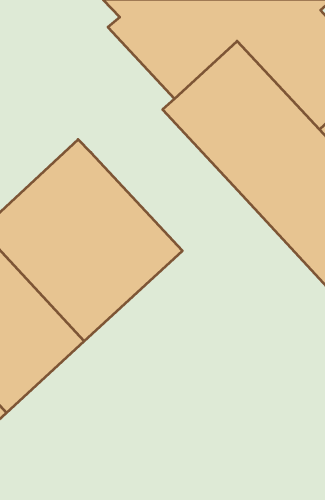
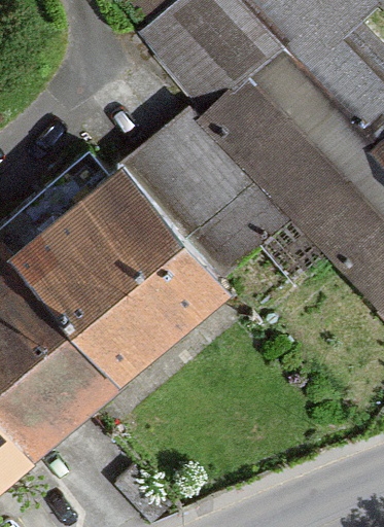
building: none -> [125,108,281,268]

